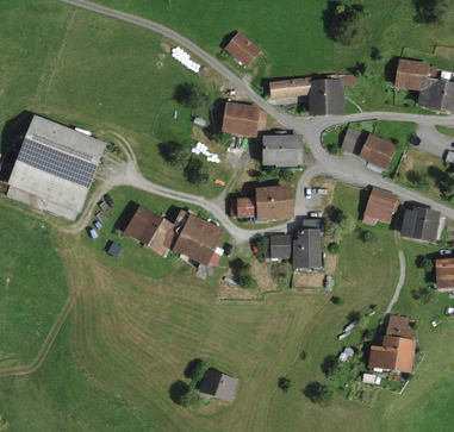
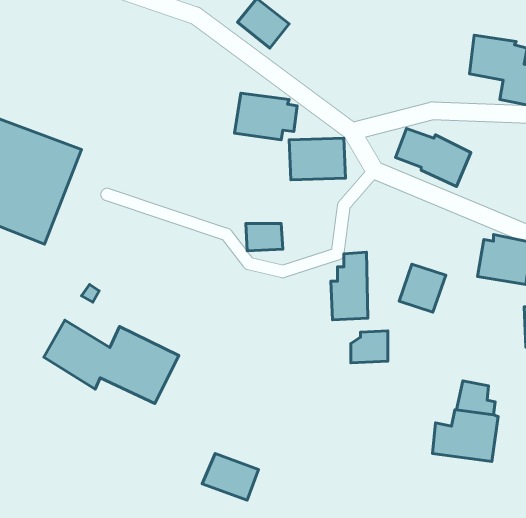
building: [268,74,357,117] -> none
building: [254,186,293,220] -> none
building: [363,187,398,223] -> [399,264,446,312]
building: [124,205,224,267] -> [44,320,179,404]
building: [262,234,290,258] -> [351,331,388,363]

